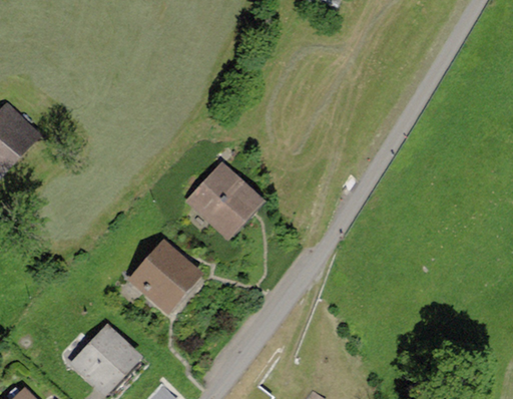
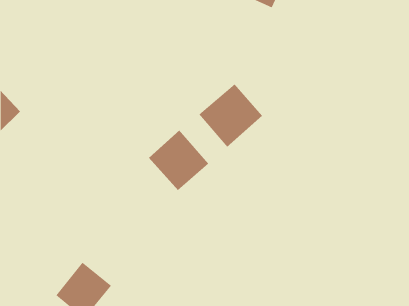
building: none -> [199,84,263,147]
building: [126,240,201,314] -> none

